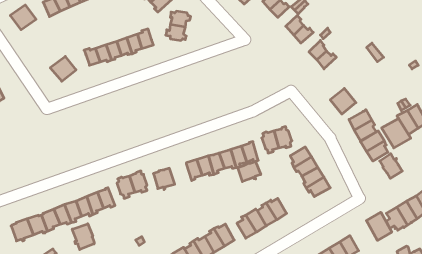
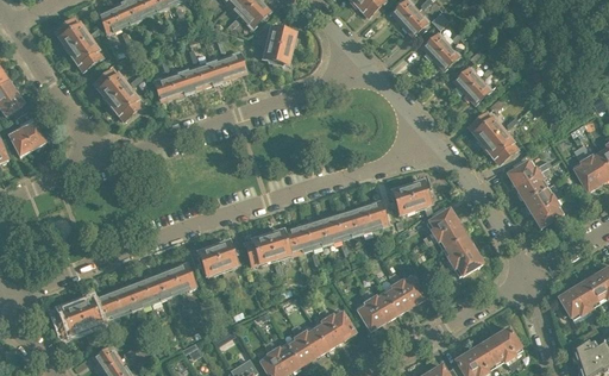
building: none -> [69,37,102,70]
building: none -> [94,68,128,102]
building: none -> [469,112,502,145]
building: [382,118,411,148] -> none
building: [380,154,402,178] -> none
building: [238,161,261,182] -> none
building: none -> [268,231,297,258]
building: [366,212,392,240] -> none
building: [72,224,94,250] -> none

